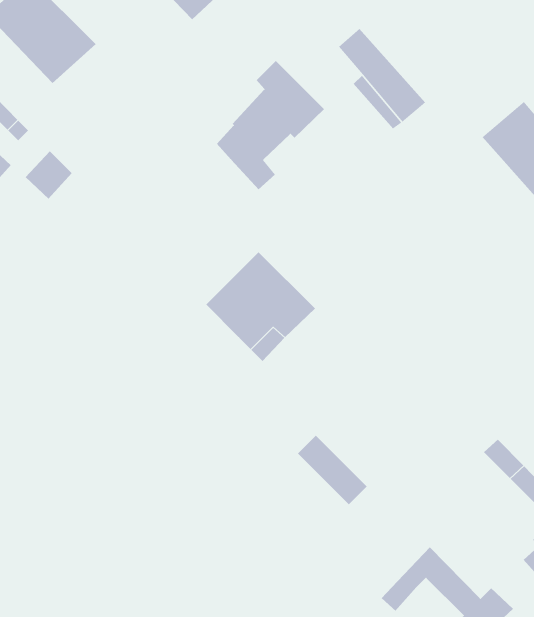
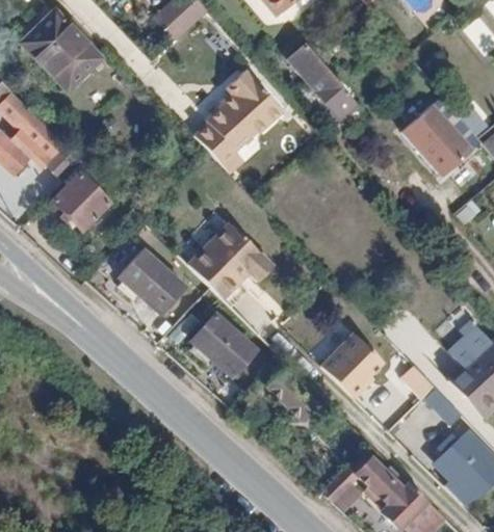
building: none -> [54,172,109,233]
building: none -> [119,250,184,312]
building: none -> [191,314,256,376]
building: none -> [321,331,384,397]

